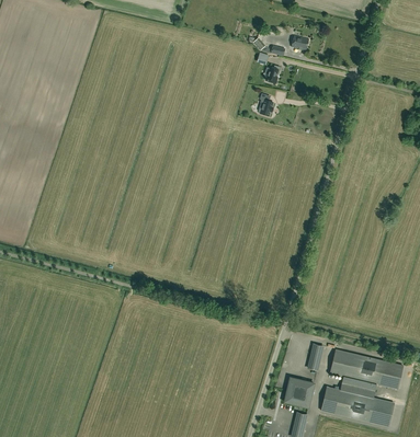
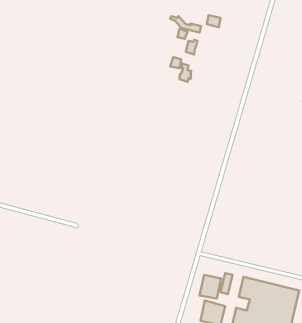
building: none -> [200,275,221,299]

